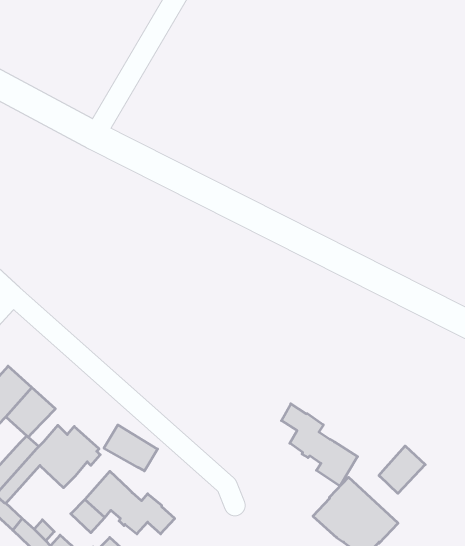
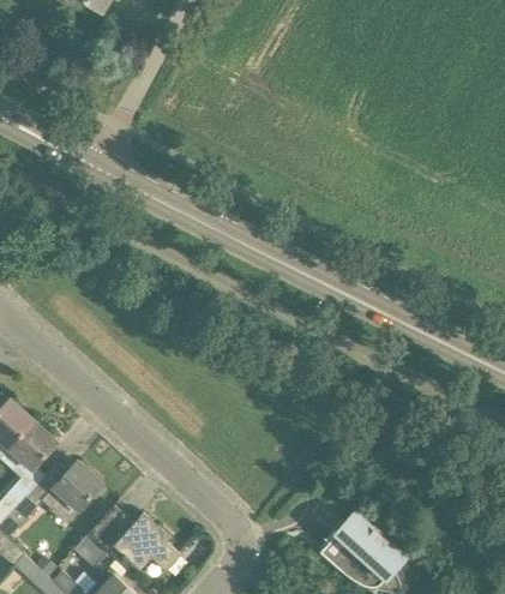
building: [281,404,358,486] -> none
building: [104,425,158,471] -> none
building: [379,446,425,493] -> none

